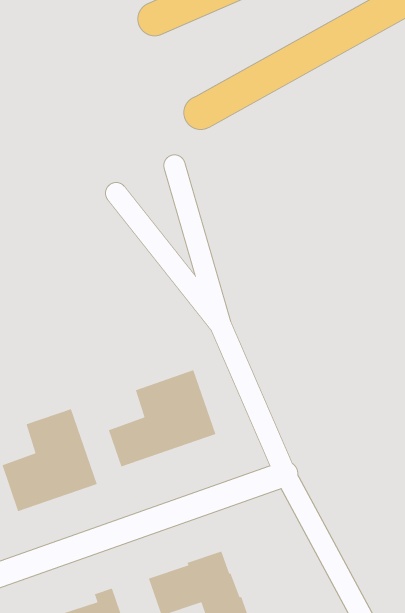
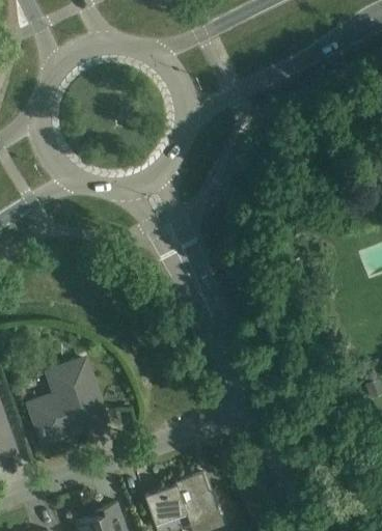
building: [108,369,216,467] -> none

